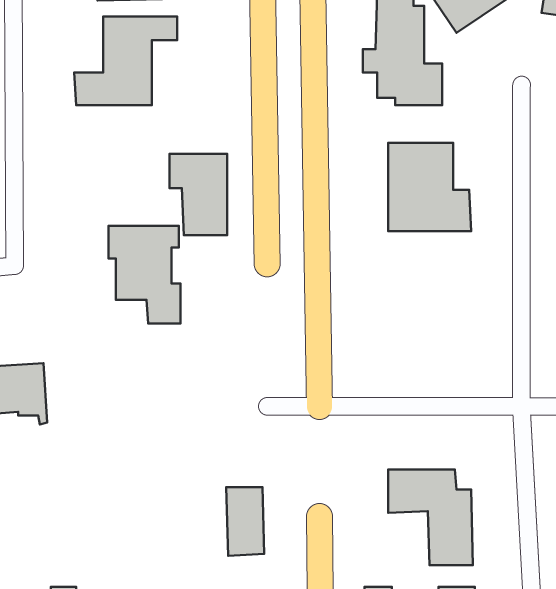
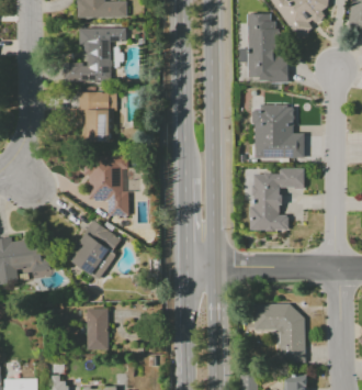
building: [169,154,227,235] -> [79,91,114,141]
building: none -> [249,167,304,230]
building: none -> [68,219,124,278]
building: [226,487,264,556] -> [86,308,109,349]

